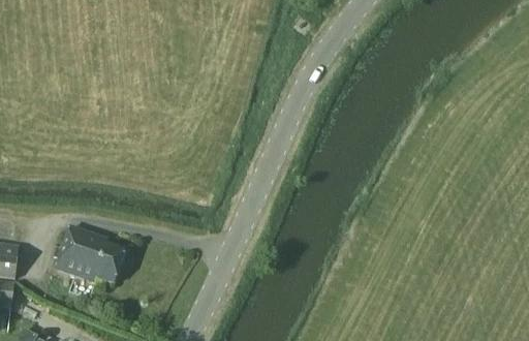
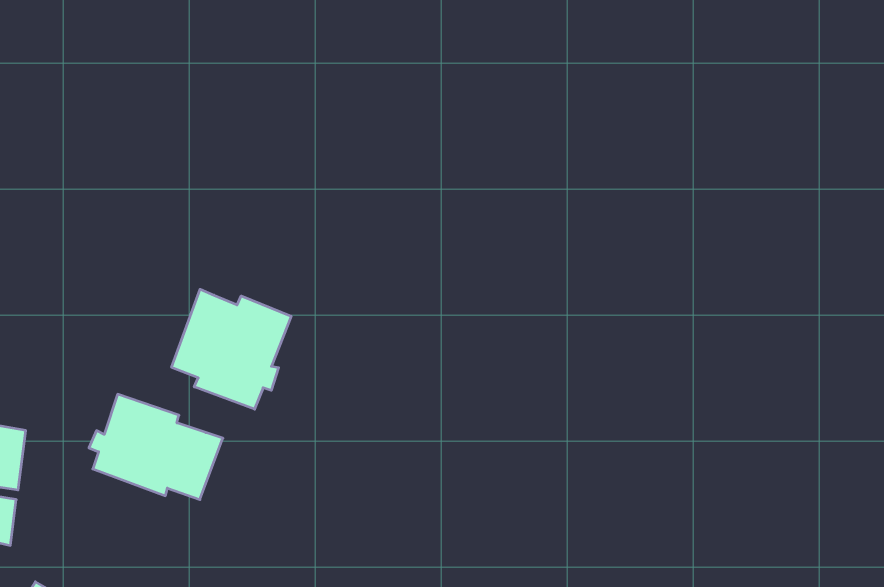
building: none -> [172,289,291,409]

